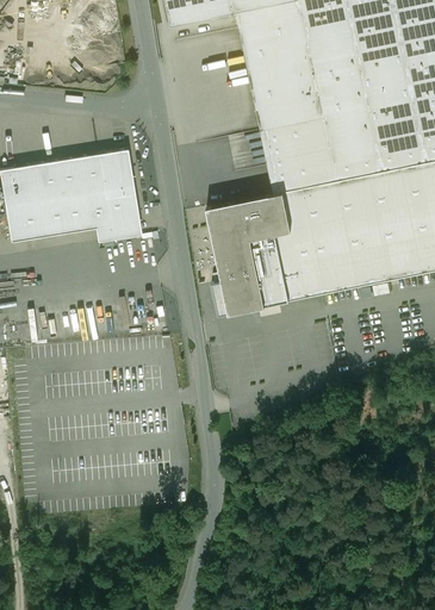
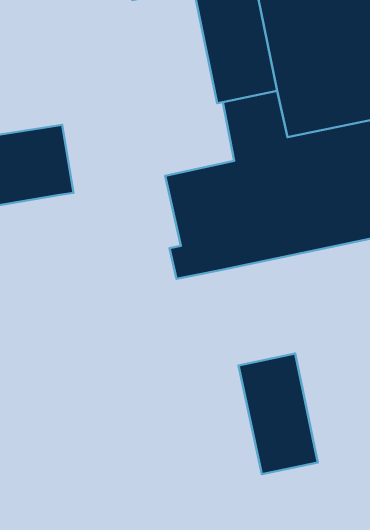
building: [95,149,141,242] -> none
building: none -> [238,354,318,474]

